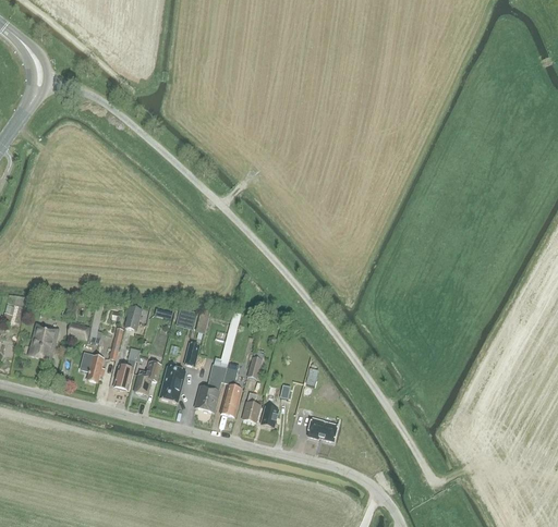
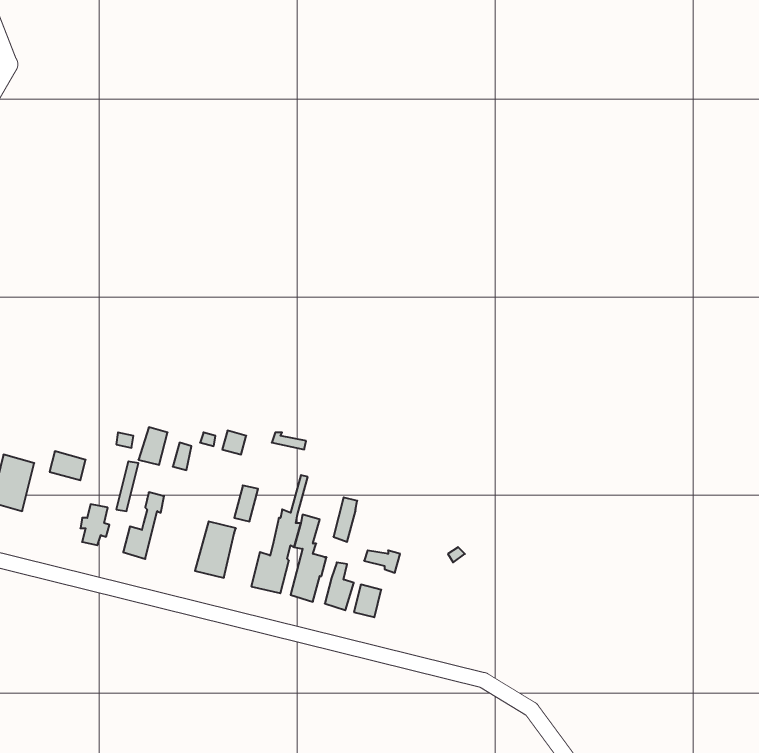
building: [134,360,161,394] -> none
building: [307,417,337,441] -> none

